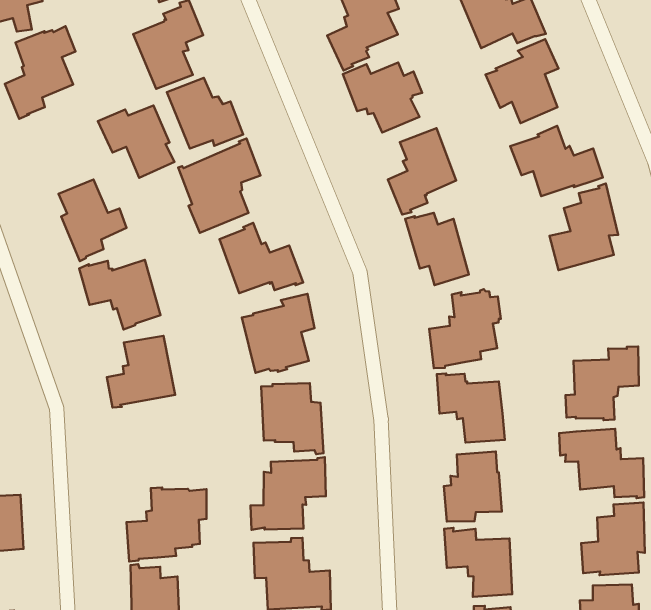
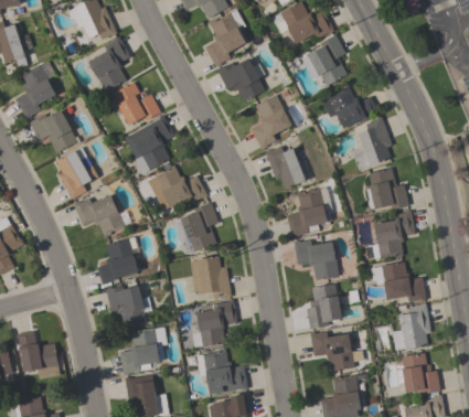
building: [98,106,174,178] -> [29,109,77,153]
building: none -> [366,168,409,210]
building: none -> [105,286,151,328]

